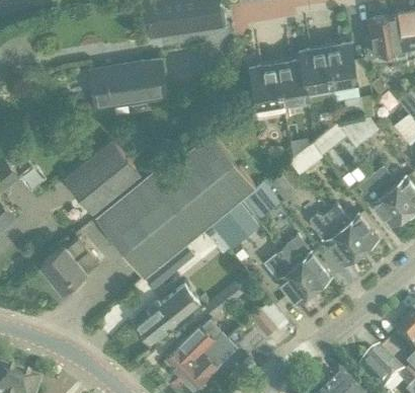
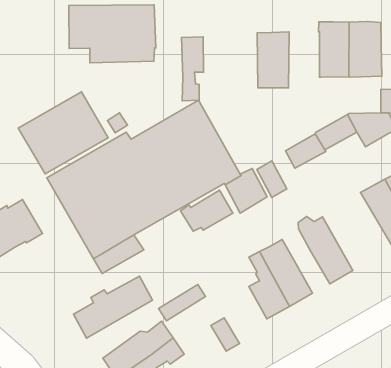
building: [275,57,309,107] -> none
building: none -> [182,37,204,101]
building: [328,205,378,250] -> none

